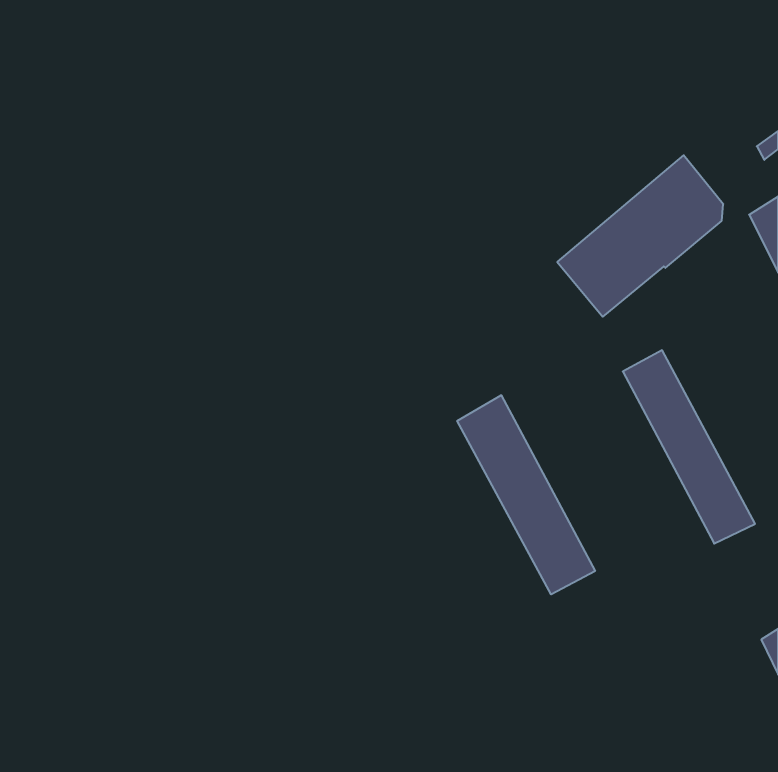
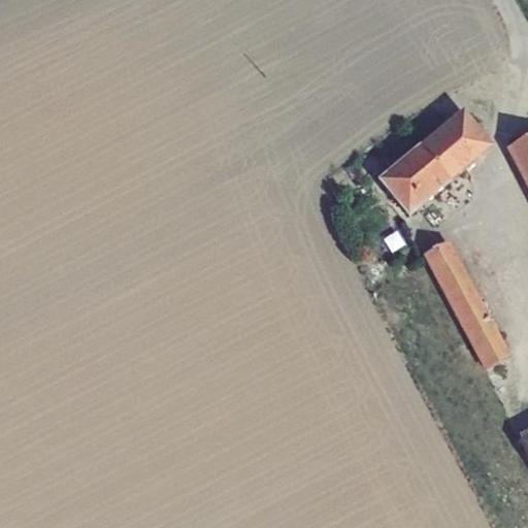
building: [457,395,595,594] -> none

